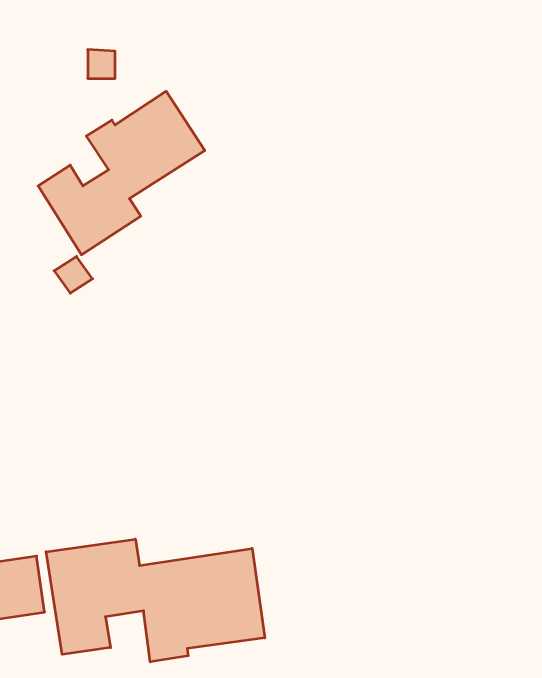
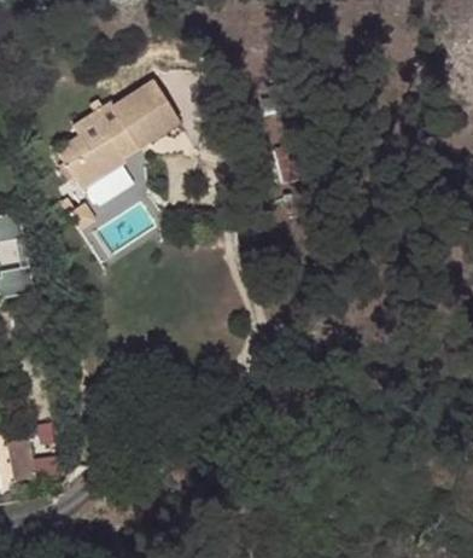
building: [46,539,265,662] -> none

